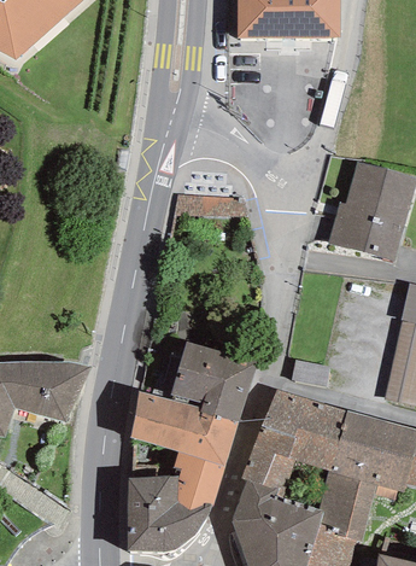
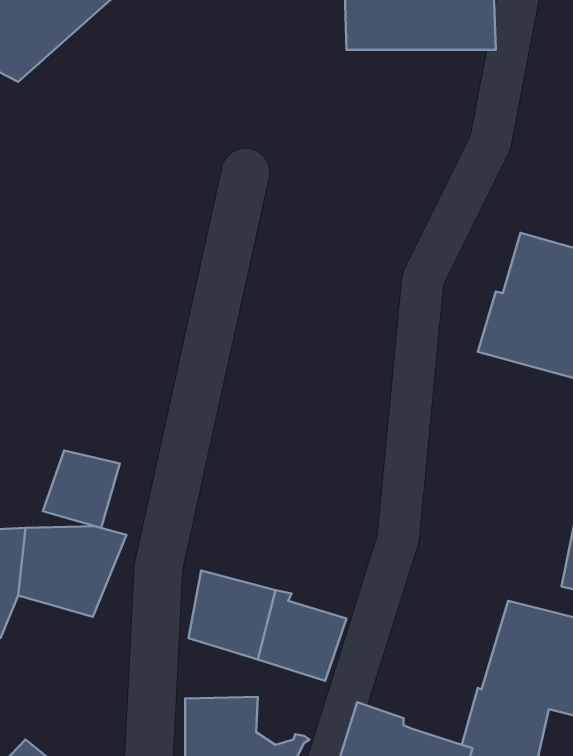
building: none -> [43,450,120,528]
building: [170,340,256,424] -> none
building: [240,390,347,498] -> none
building: [172,451,223,509] -> none

